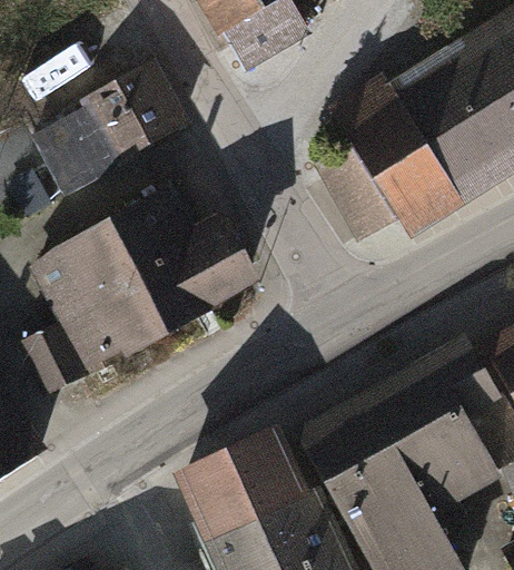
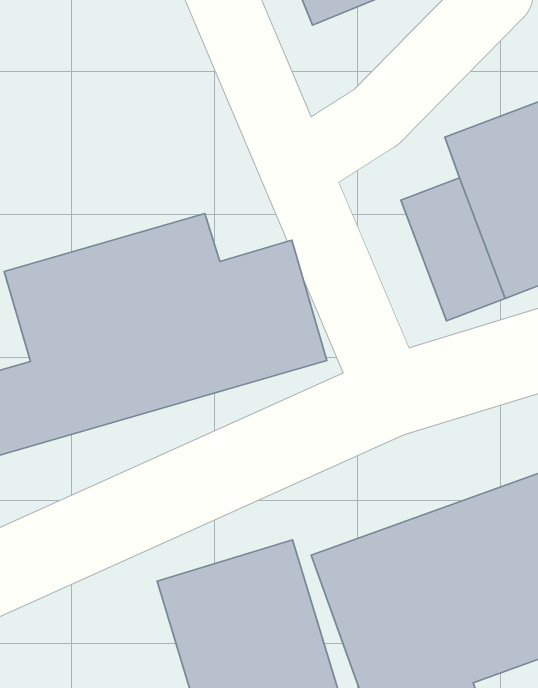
building: [27,66,179,222] -> none

